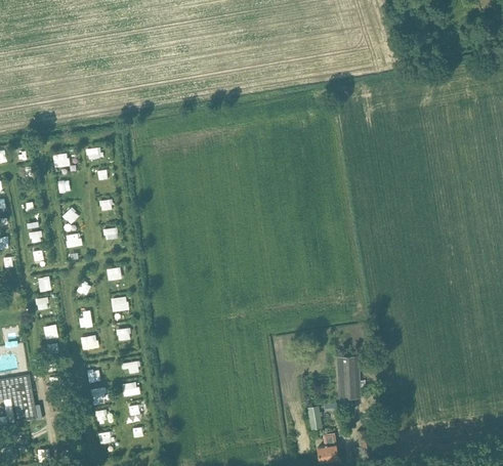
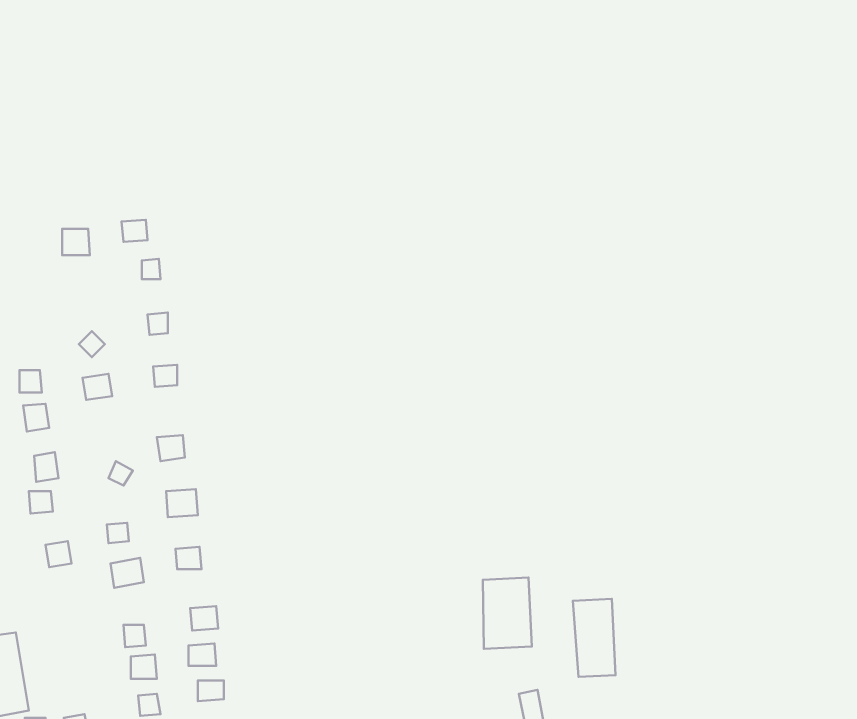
building: none -> [483,578,532,649]

